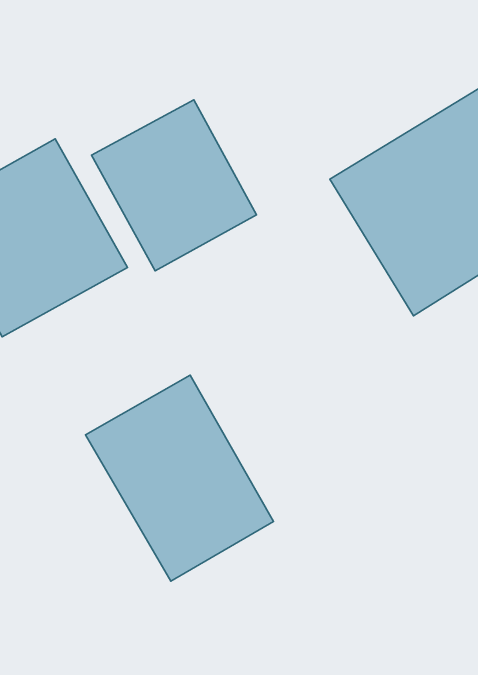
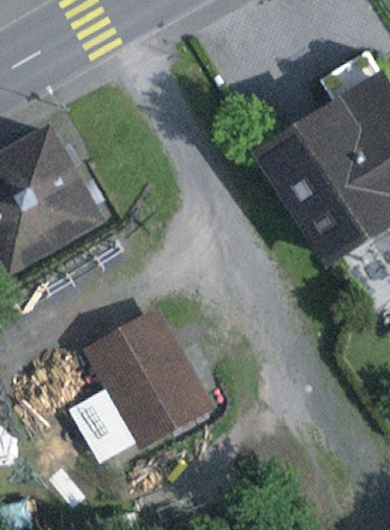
building: [91,100,256,271] -> none

